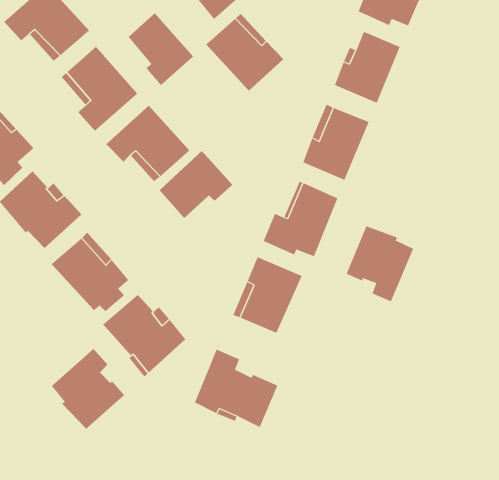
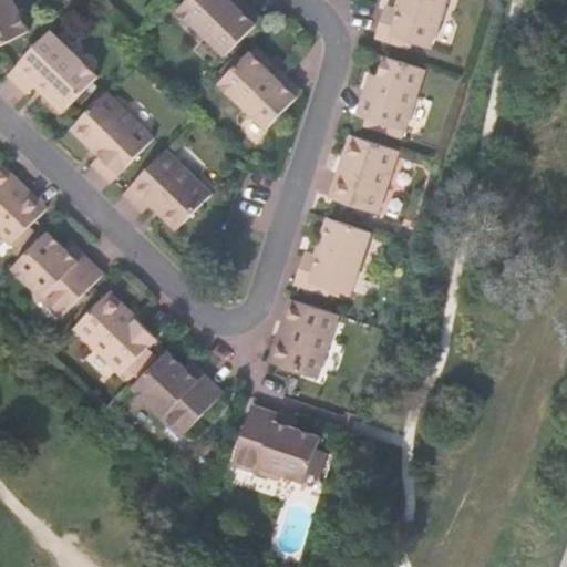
building: [128,12,194,86] -> none
building: [159,150,233,219] -> none
building: [346,225,414,302] -> none
building: [51,348,125,429] -> none

